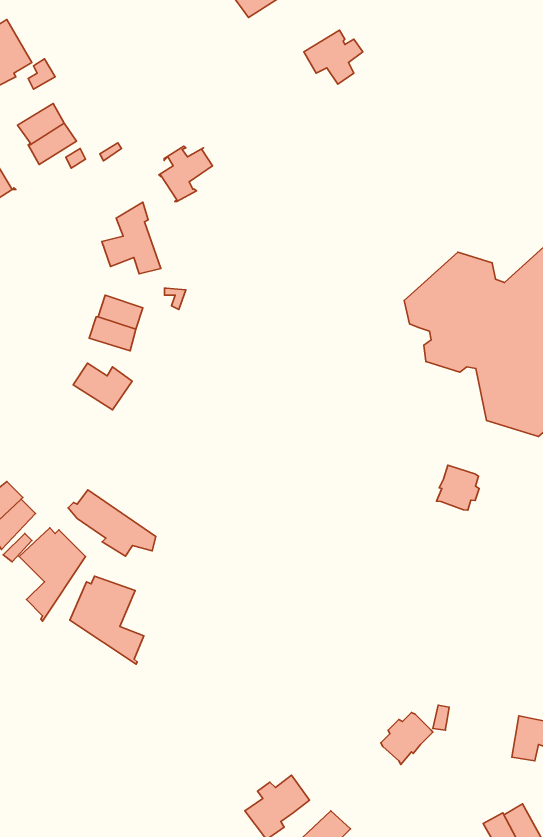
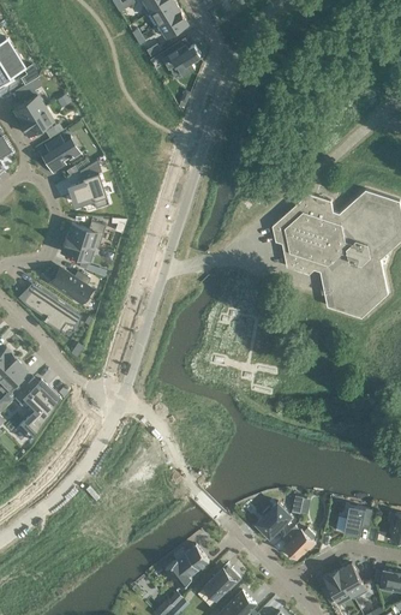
building: [304,30,363,84] -> [160,40,199,76]
building: [159,146,213,202] -> [40,137,76,174]
building: [436,465,479,510] -> none
building: [68,490,156,556] -> [19,286,78,330]
building: [70,576,144,664] -> none
building: none -> [282,526,315,561]

